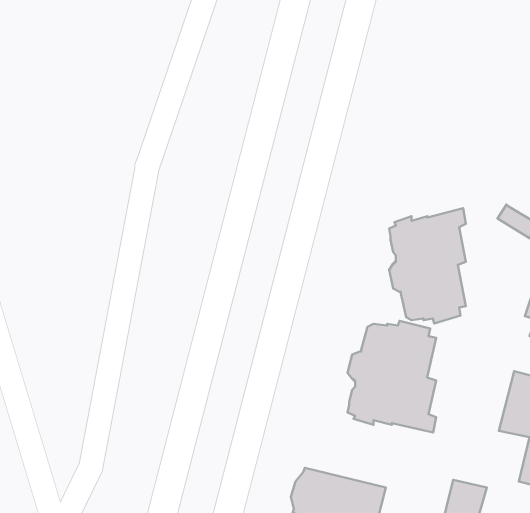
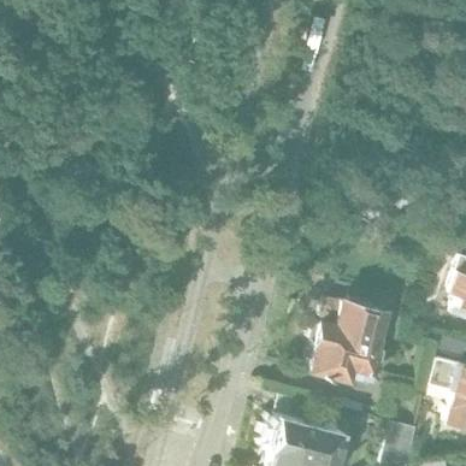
building: [389,208,466,323] -> none

